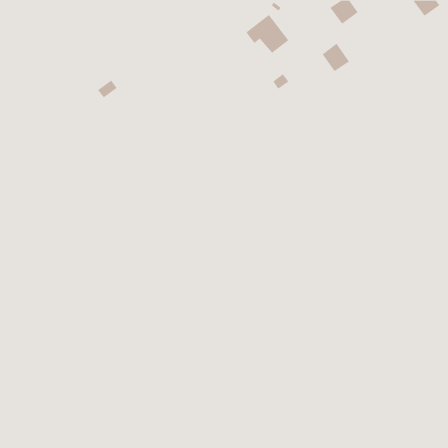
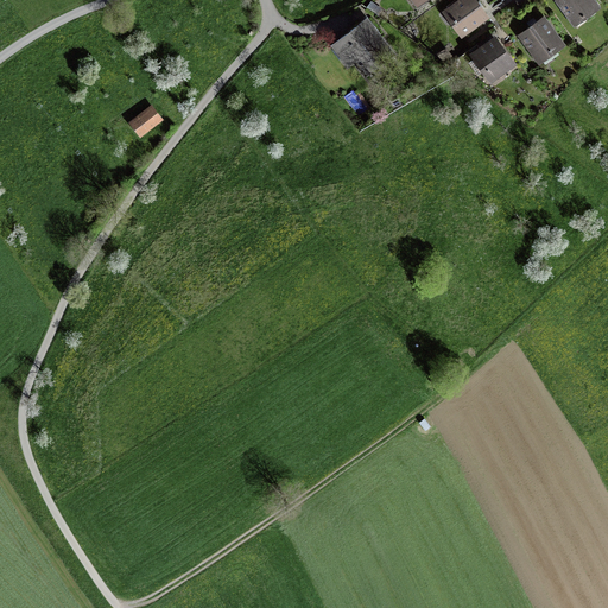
building: none -> [521,19,560,59]
building: [322,43,350,72] -> [475,38,513,77]

